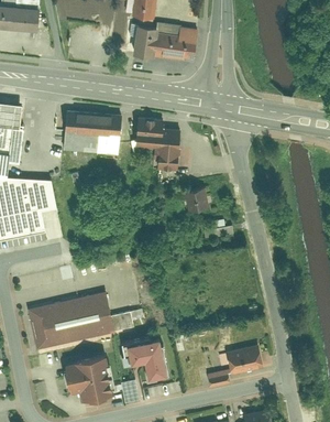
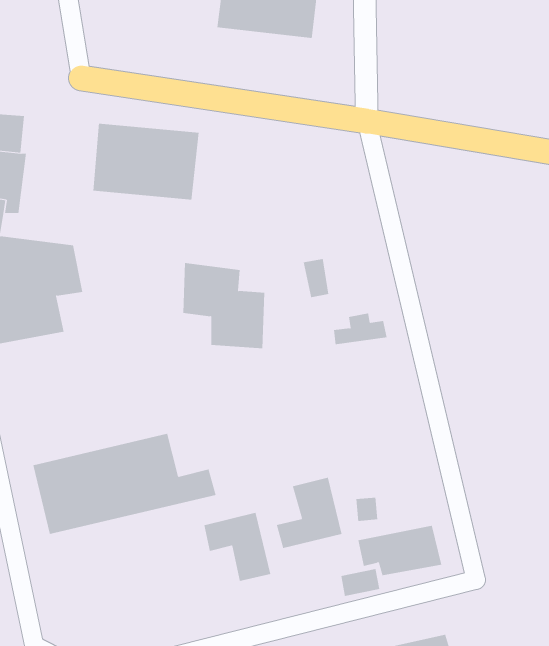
building: [134,118,183,169] -> [182,262,265,349]
building: none -> [276,477,342,549]
building: [65,356,117,405] -> none

